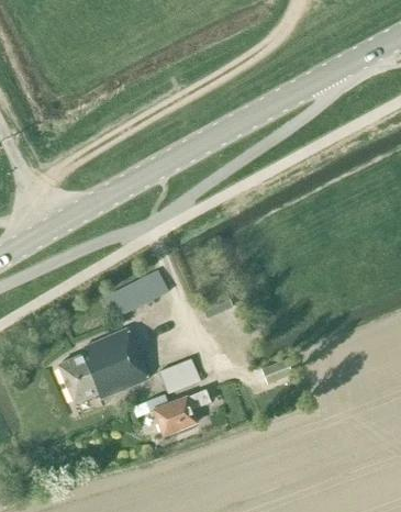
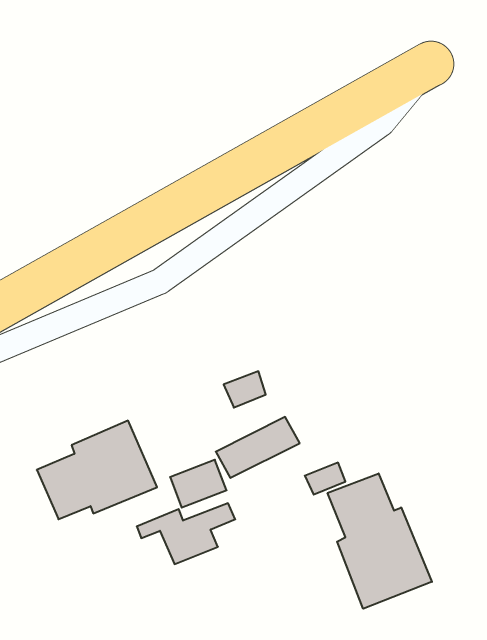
building: [103,270,167,316] -> [216,417,300,478]
building: none -> [328,473,432,609]

